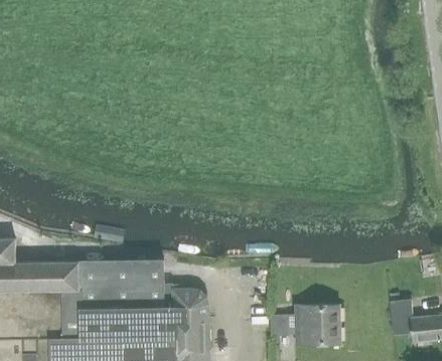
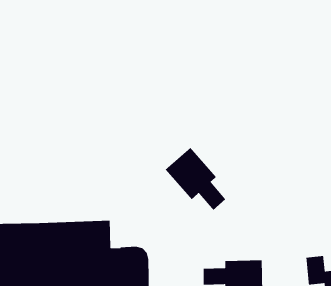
building: none -> [165,147,226,211]

